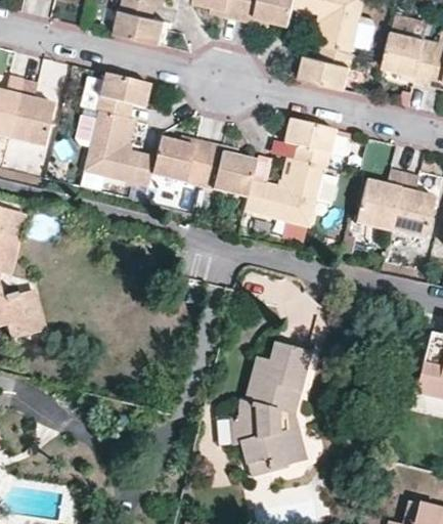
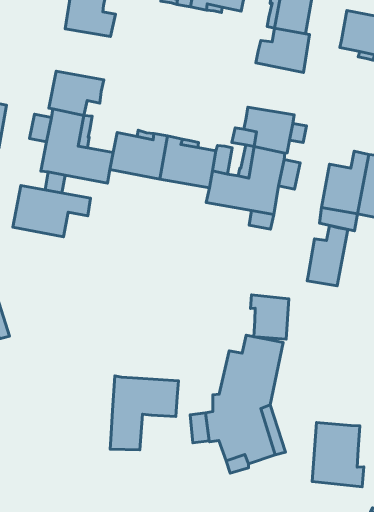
building: none -> [13,186,91,237]
building: none -> [307,225,348,286]
building: none -> [250,295,289,339]
building: none -> [110,376,178,450]
building: none -> [312,423,364,487]

